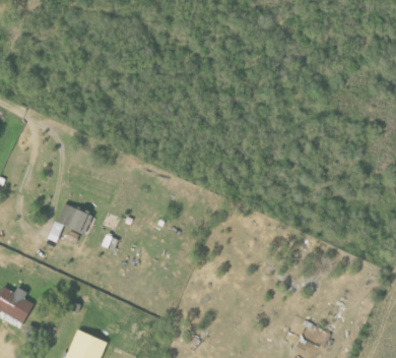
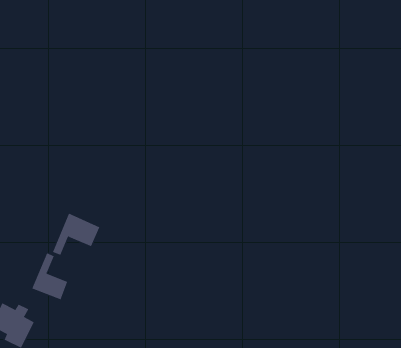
building: none -> [32,252,68,300]

